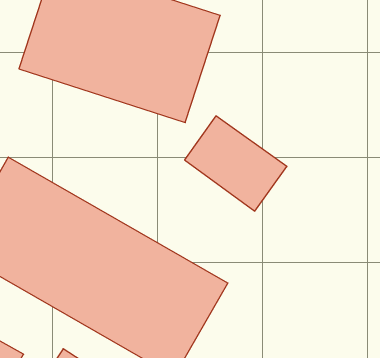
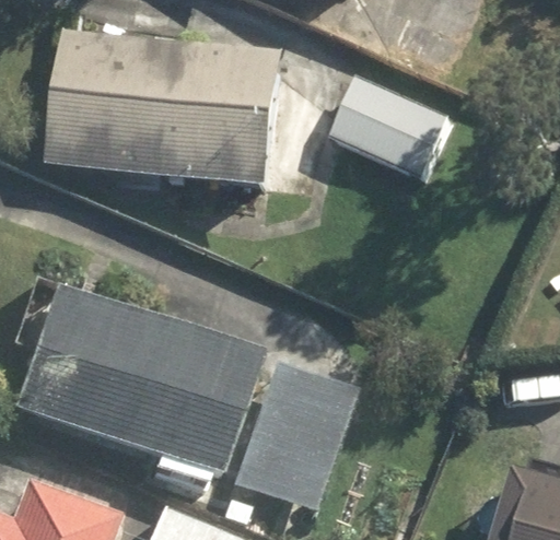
building: [185,116,287,211] -> [328,69,457,179]

